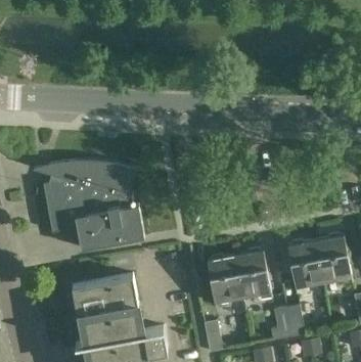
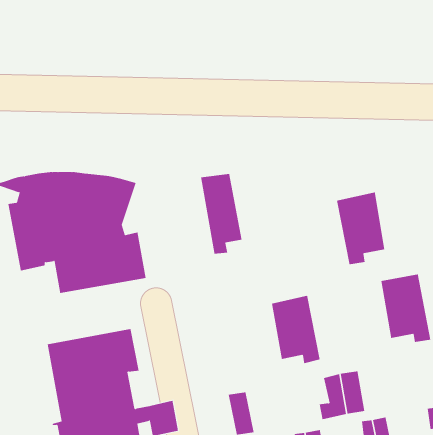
building: none -> [201,173,242,254]
building: [286,238,322,291] -> [336,192,385,265]
building: [208,255,242,306] -> none

